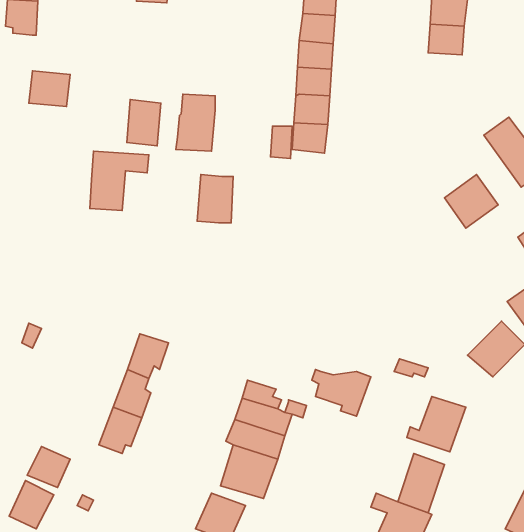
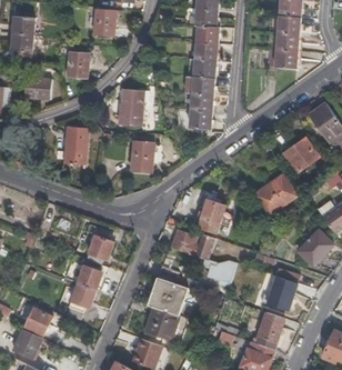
building: [127,99,161,146] -> [67,47,88,76]
building: none -> [255,176,296,214]
building: none -> [200,200,227,232]
building: none -> [173,232,215,261]

